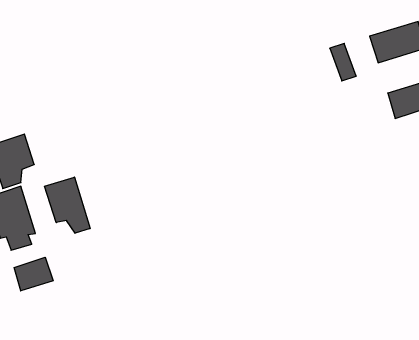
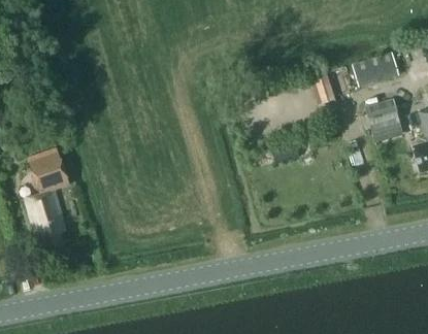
building: [45,177,90,233] -> none
building: [14,257,53,291] -> none

